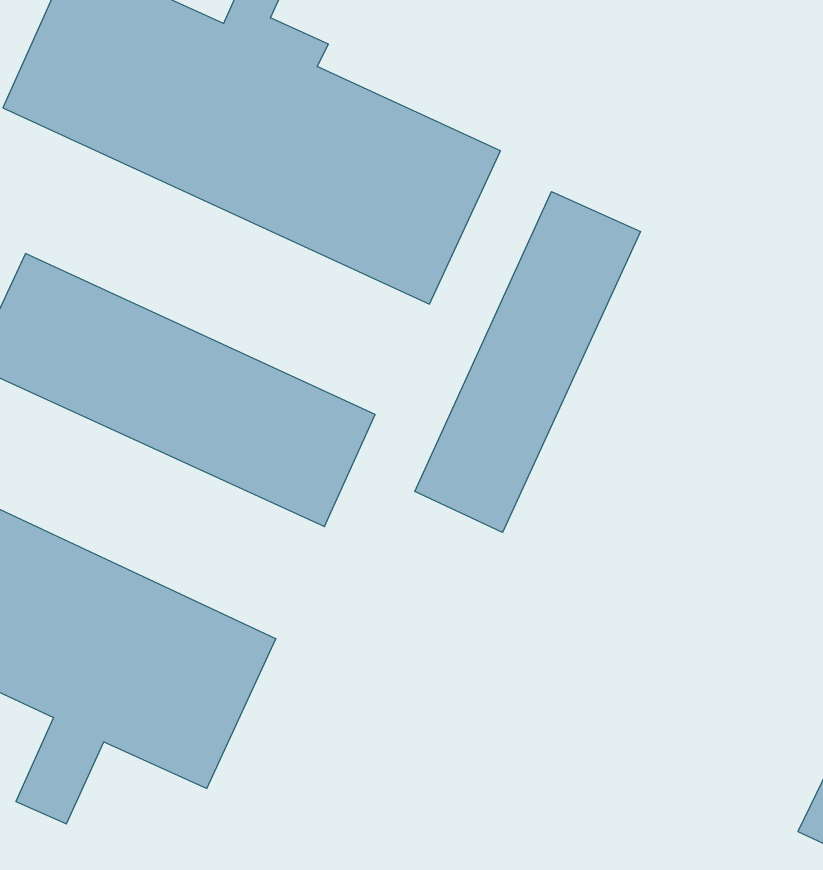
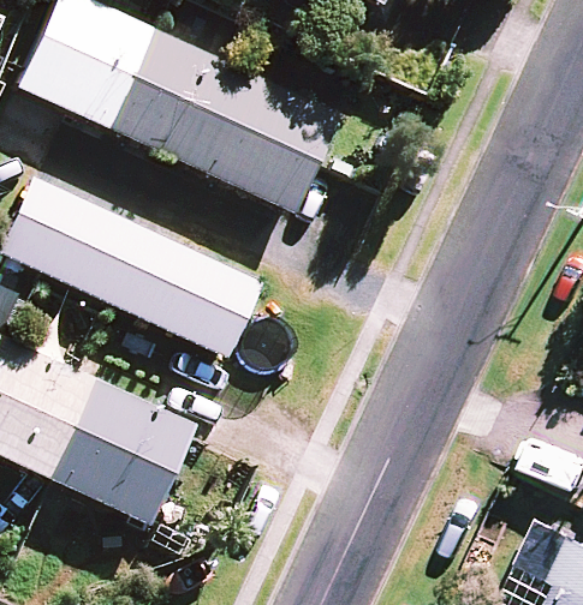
building: [415,192,640,532] -> none

